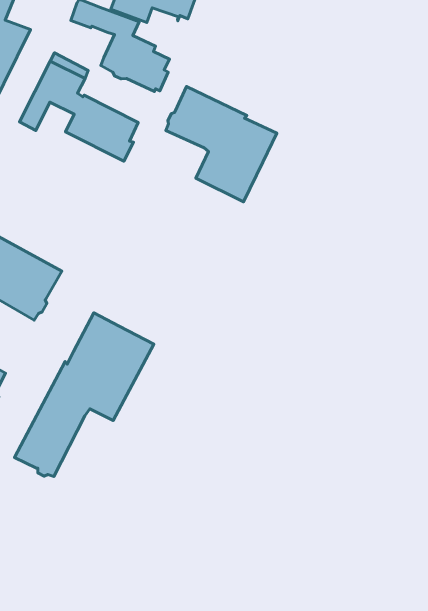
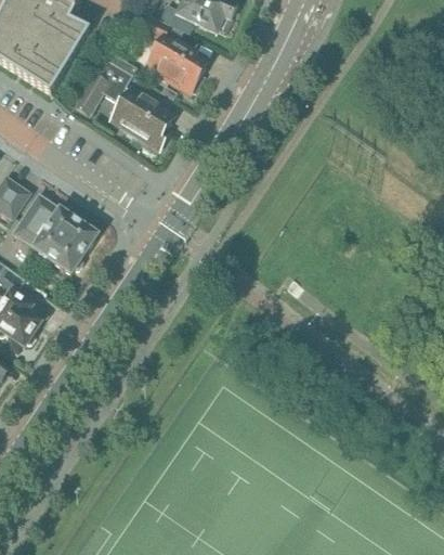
building: [166,86,277,202] -> none
building: [15,313,154,477] -> none

